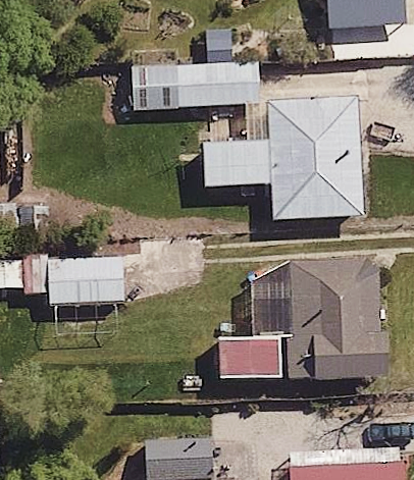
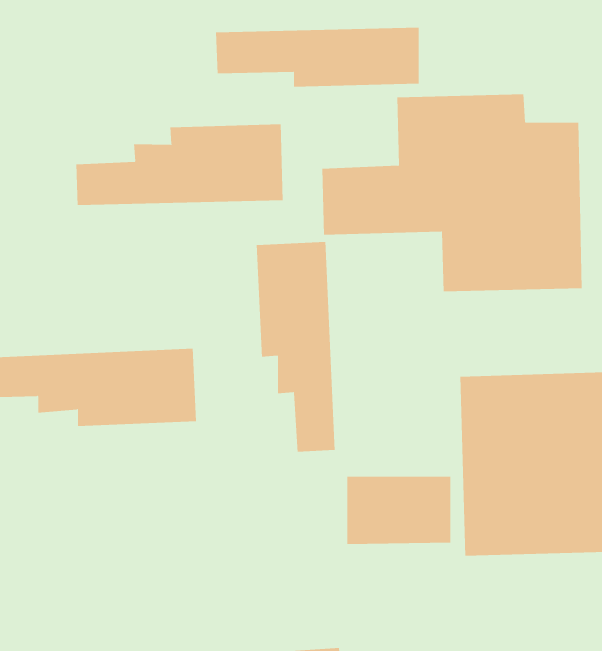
building: none -> [76,124,283,206]
building: none -> [256,241,335,452]

